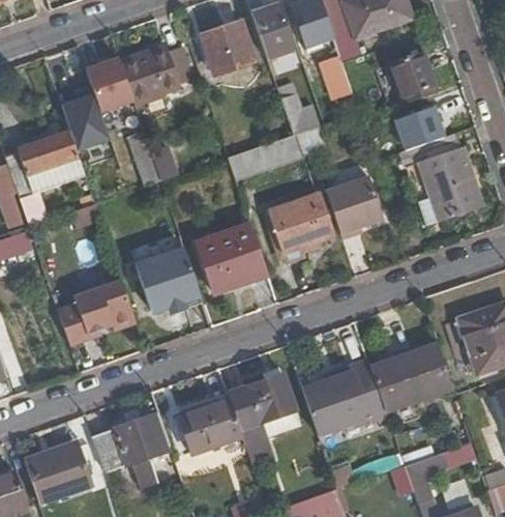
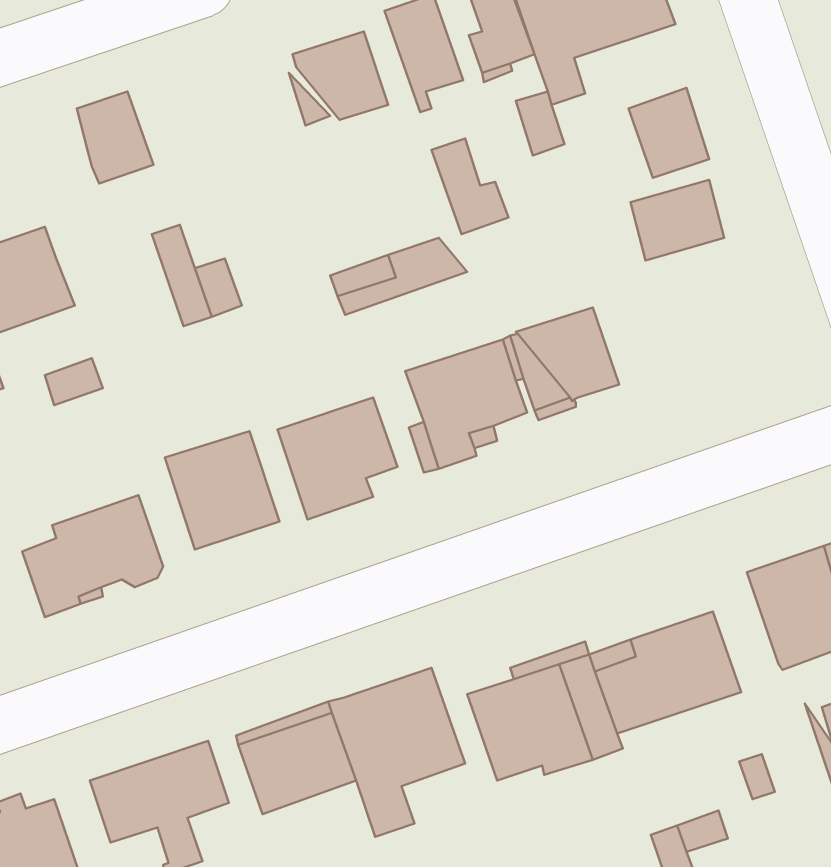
building: [119,41,200,122] -> none
building: [59,88,108,147] -> none
building: [414,134,482,223] -> none

